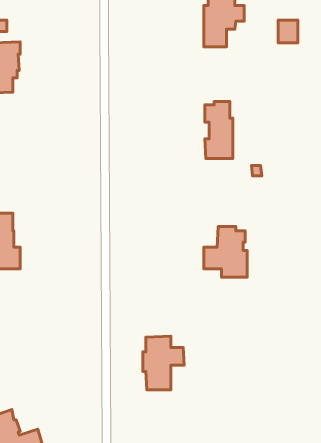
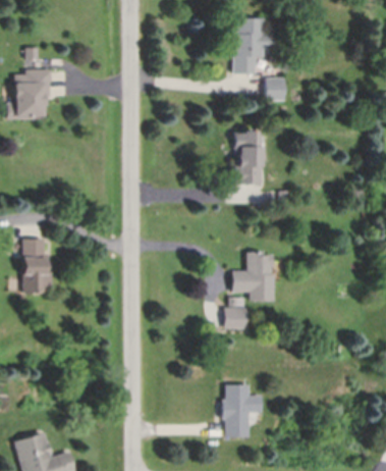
building: [278,20,298,43] -> [267,77,286,100]
building: none -> [225,297,249,329]
building: [143,336,184,390] -> [222,384,263,437]

